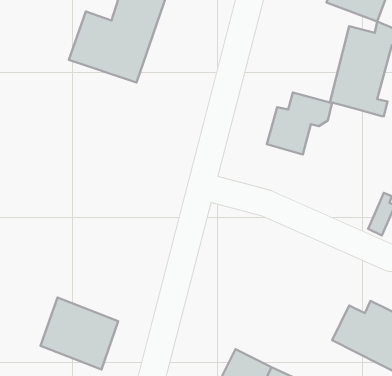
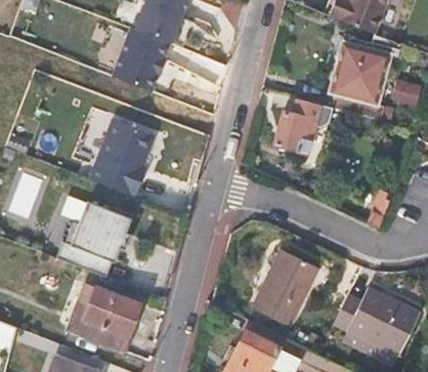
building: none -> [90,119,156,196]
building: none -> [62,200,132,266]
building: none -> [253,249,317,326]

